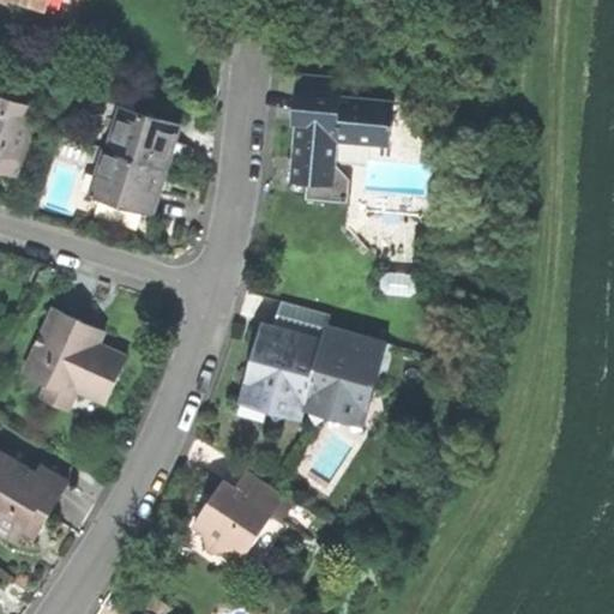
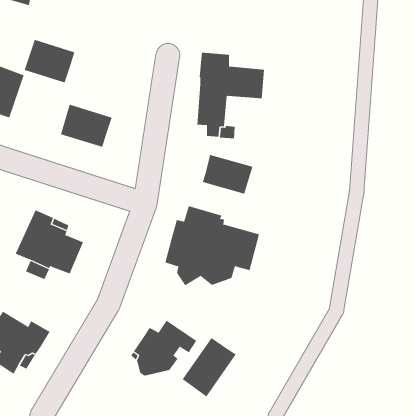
building: [104,108,180,173] -> [24,39,75,83]
building: none -> [202,154,253,195]
building: none -> [182,337,236,398]

